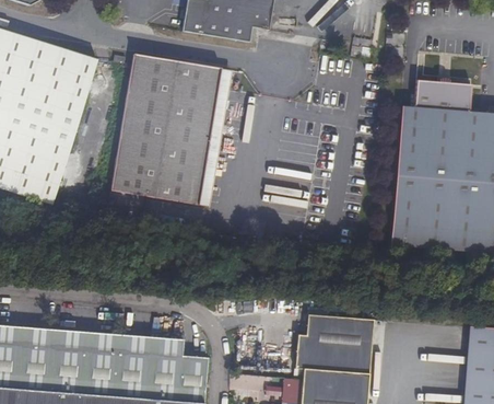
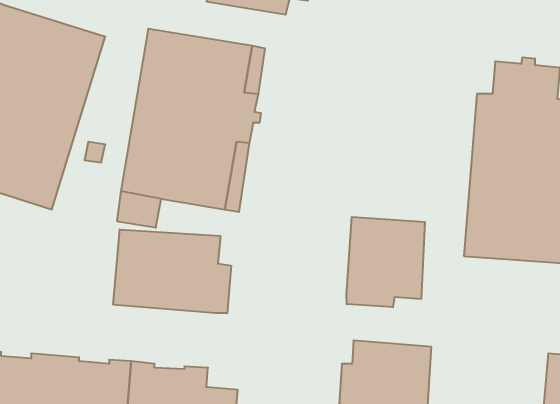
building: none -> [347,217,425,307]
building: none -> [113,229,231,313]

